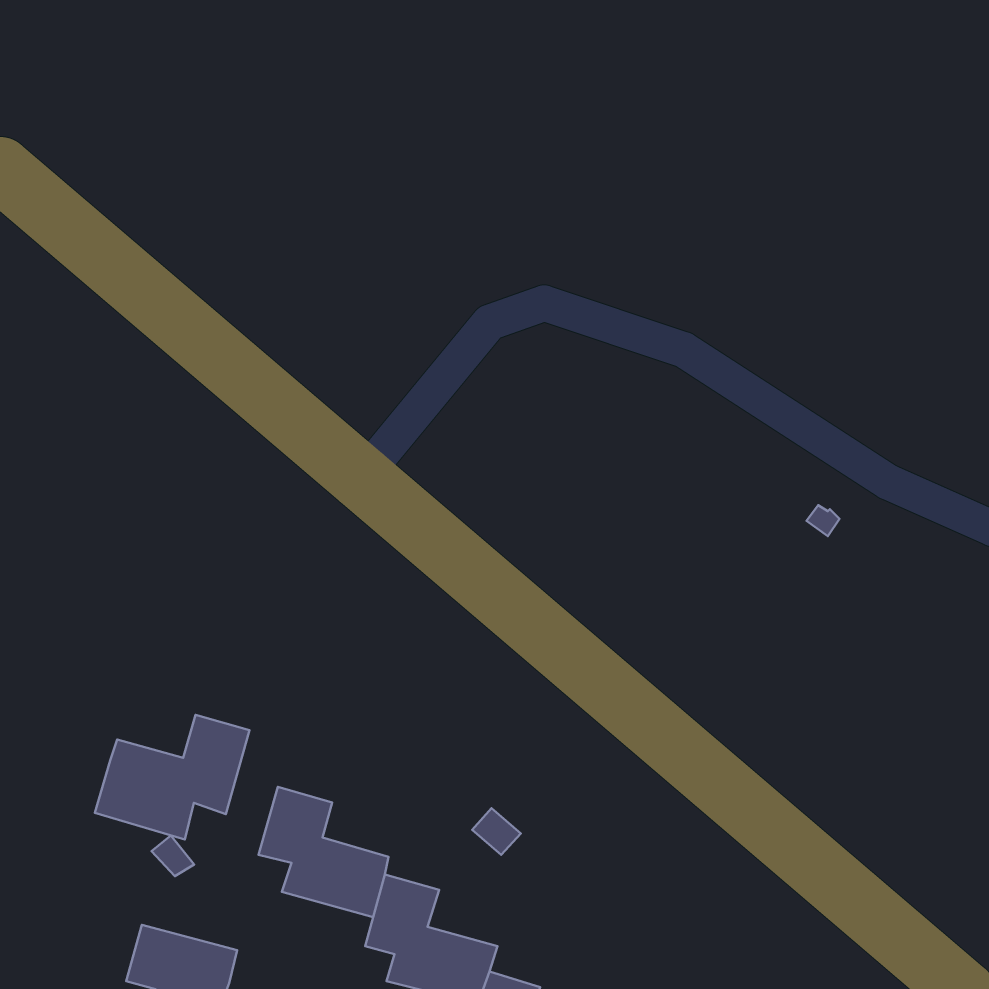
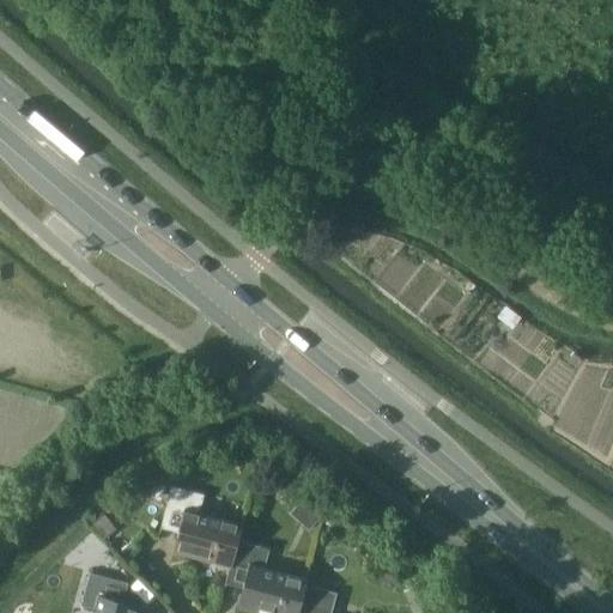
building: [95,715,250,840] -> none

